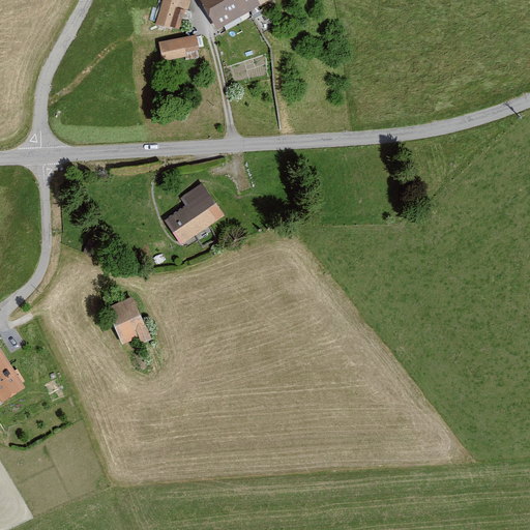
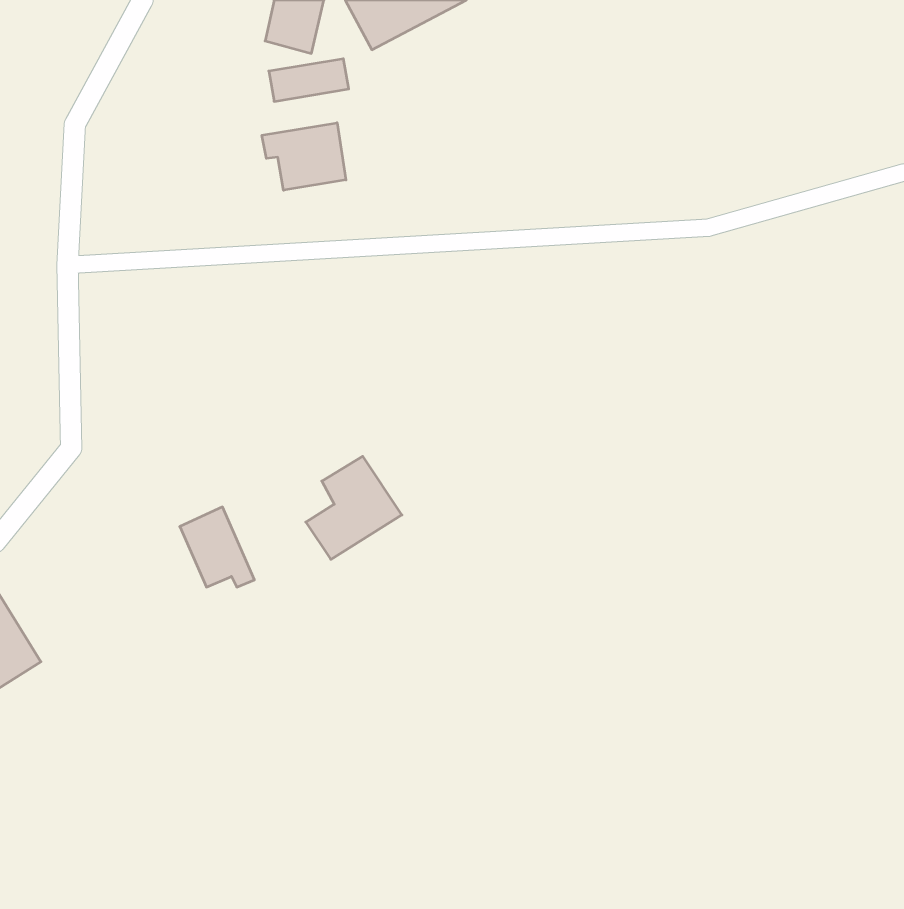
building: none -> [262,123,346,190]
building: [168,181,224,241] -> [306,456,402,559]

